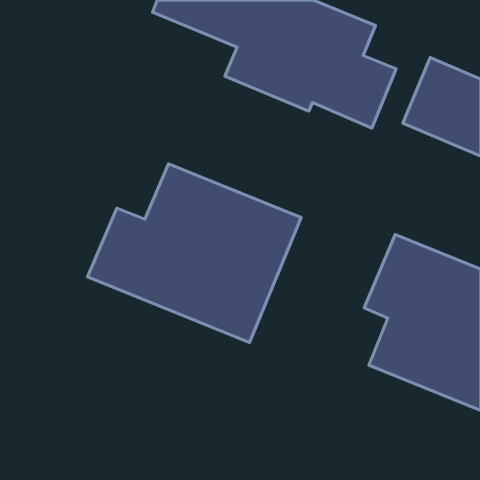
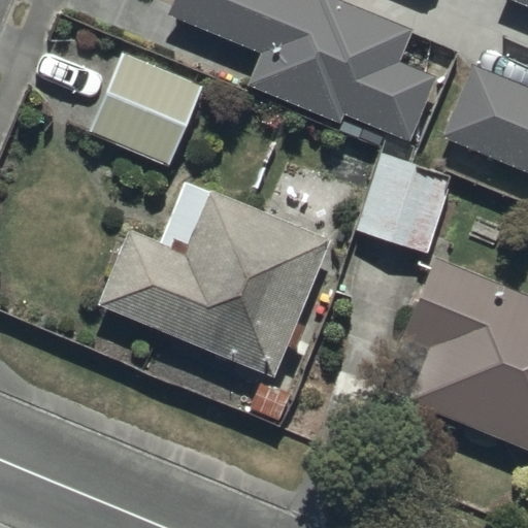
building: none -> [88,51,203,165]
building: none -> [356,153,452,254]

